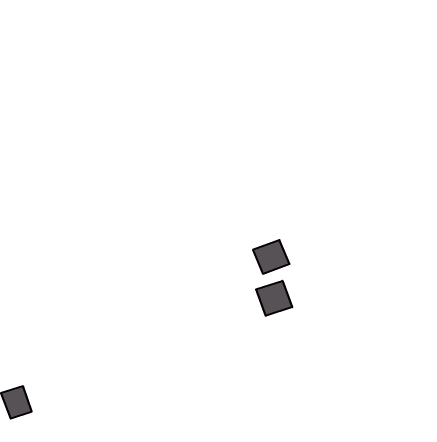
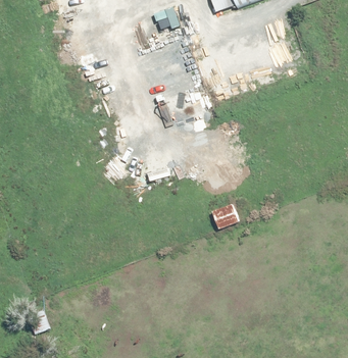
building: [256,281,292,316] -> none

